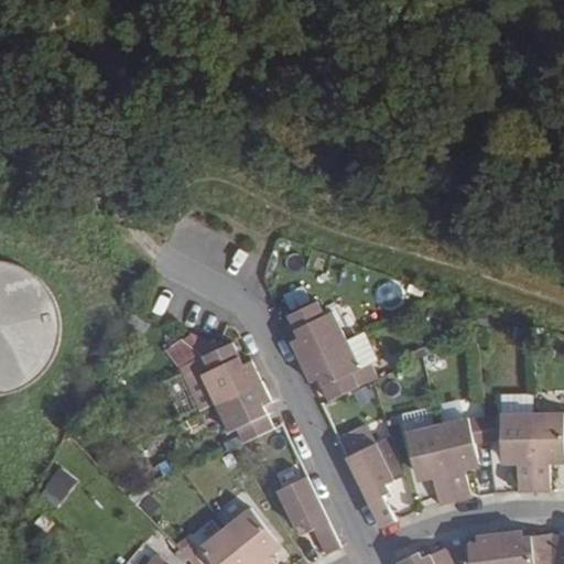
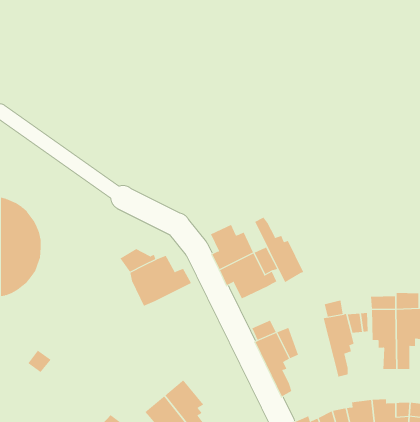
building: none -> [255,217,304,283]
building: [212,379,270,442] -> none
building: [404,425,454,507] -> none
building: [276,475,341,556] -> none

